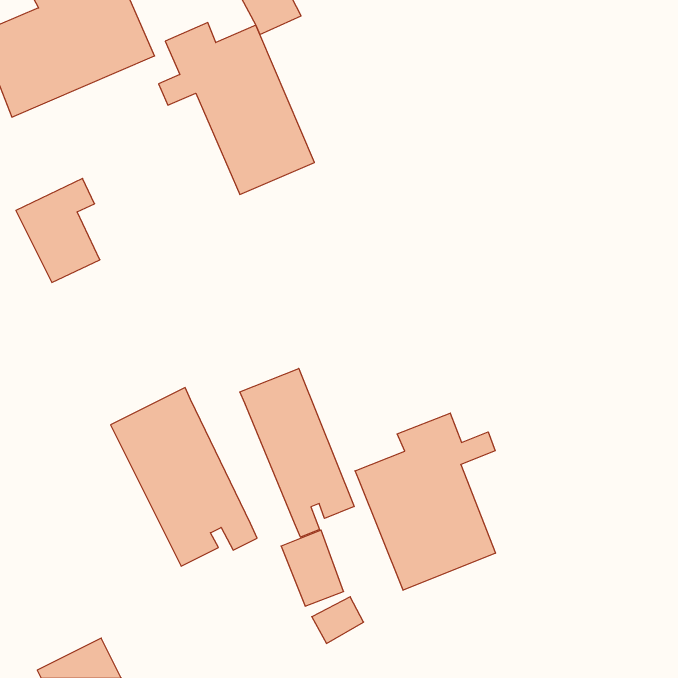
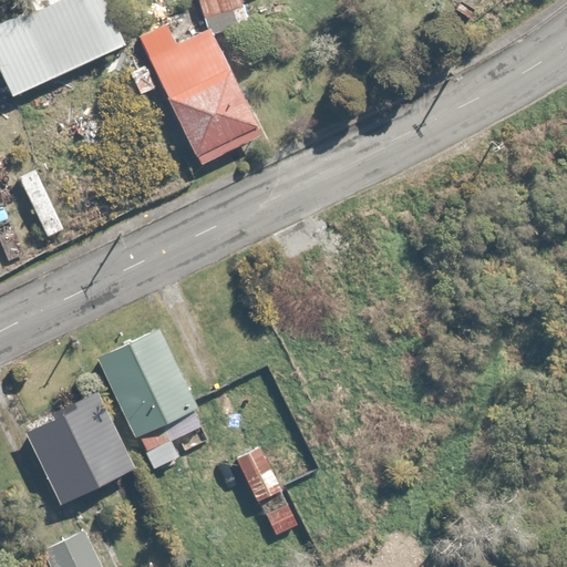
building: [240,368,354,537] -> none
building: [355,413,495,590] -> none
building: none -> [21,399,140,544]

